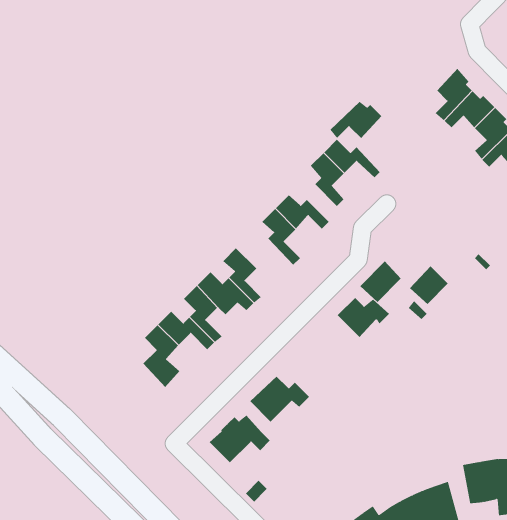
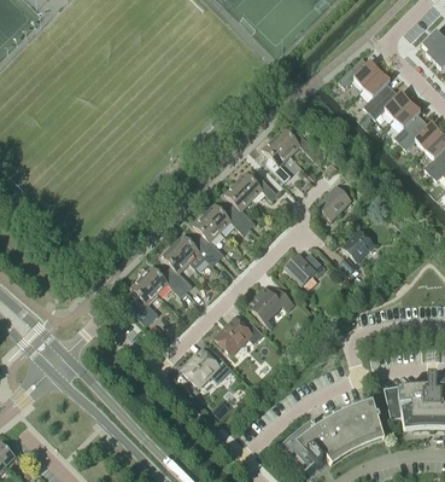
building: [329,101,382,139] -> [339,58,381,88]
building: none -> [204,202,250,234]
building: [359,260,402,303] -> [317,185,351,219]
building: none -> [252,286,294,323]

